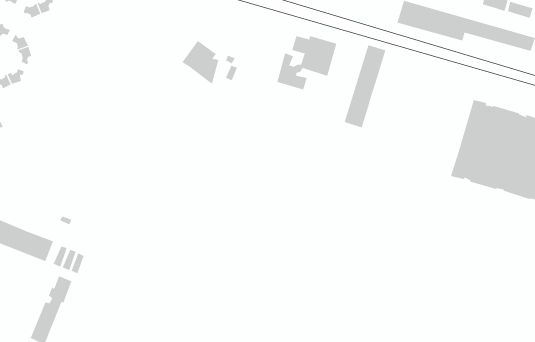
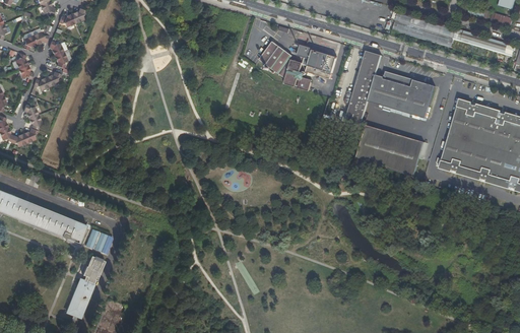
building: [182,40,219,89] -> [258,40,291,83]
building: none -> [368,70,441,119]
building: none -> [355,125,424,176]

